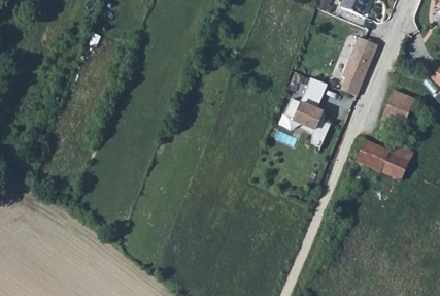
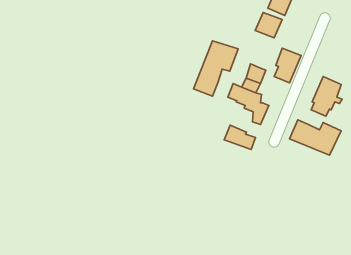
building: [348,36,379,65] -> [255,12,282,38]
building: none -> [193,41,238,96]
building: none -> [224,125,255,149]

